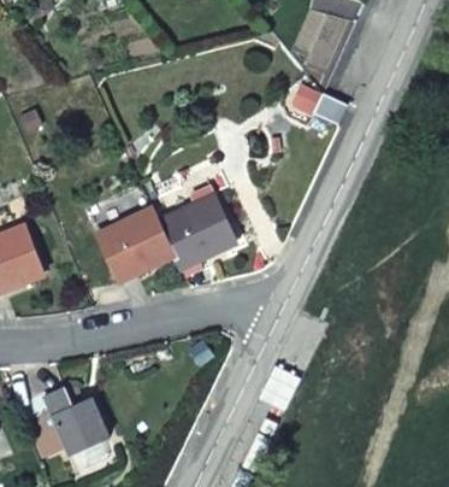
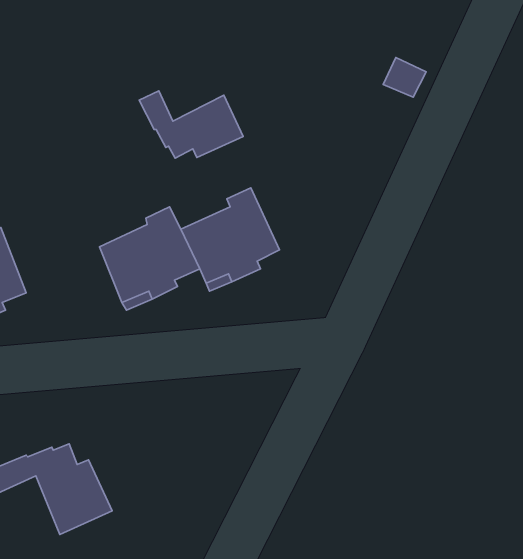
building: none -> [139,91,243,158]

